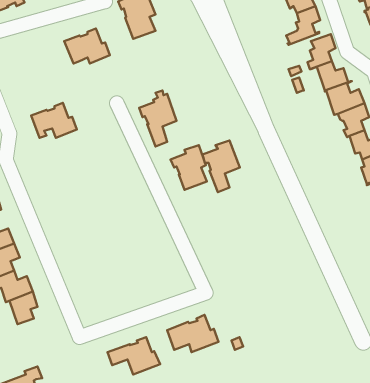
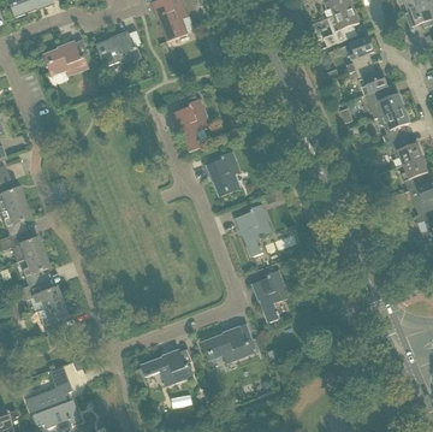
building: [31,103,77,138] -> [42,40,89,76]
building: [203,141,240,192] -> [235,203,273,256]
building: none -> [251,266,290,322]

